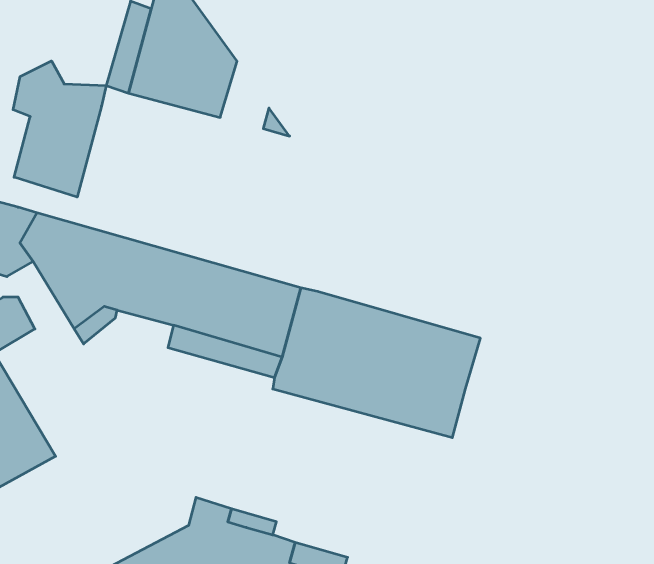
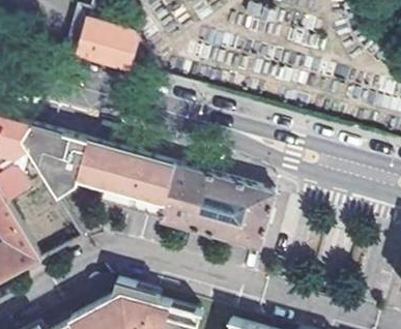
building: [13,61,106,197] -> none

